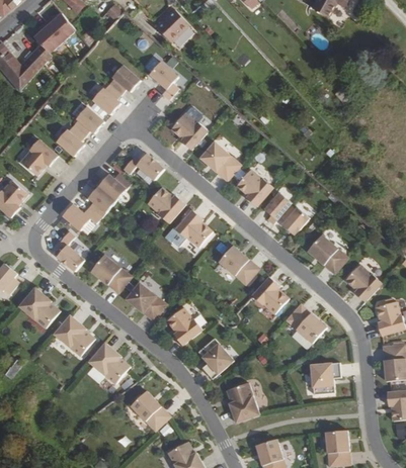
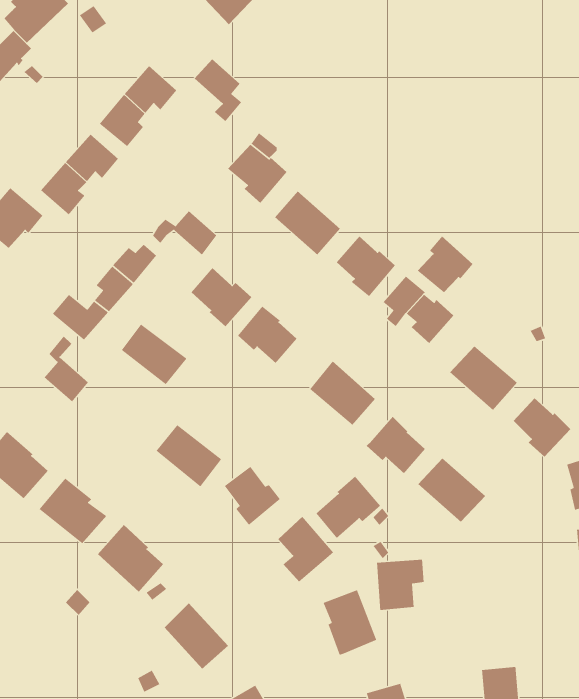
building: none -> [417,235,473,293]
building: [93,254,134,291] -> [121,323,188,385]
building: none -> [316,476,381,539]
building: [311,363,340,394] -> [376,559,424,611]

